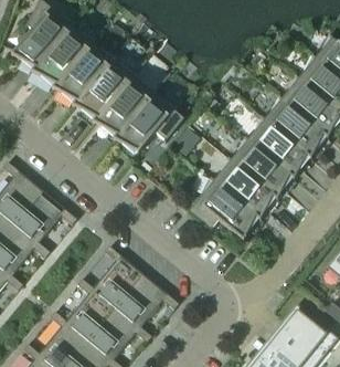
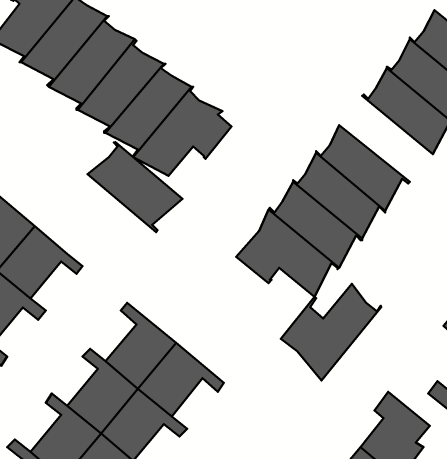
building: [261,96,328,158] -> none
building: none -> [87,142,182,232]
building: none -> [281,284,381,380]

